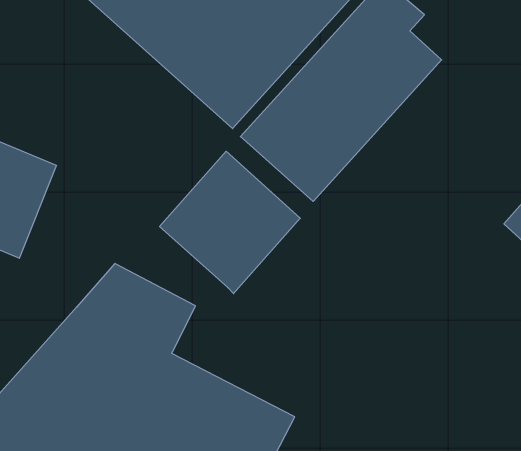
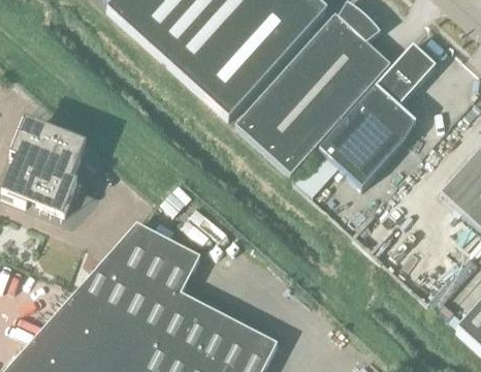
building: none -> [320,43,438,187]
building: [160,151,300,294] -> none

